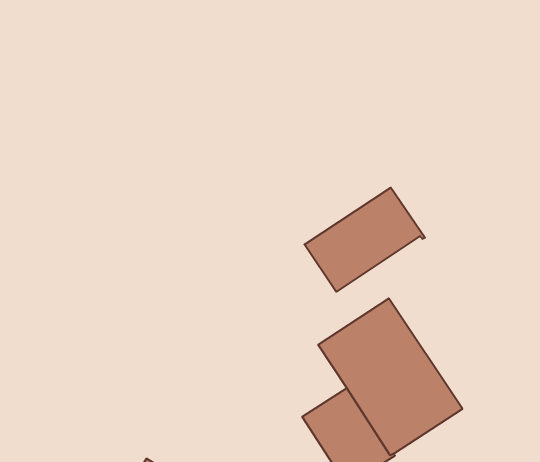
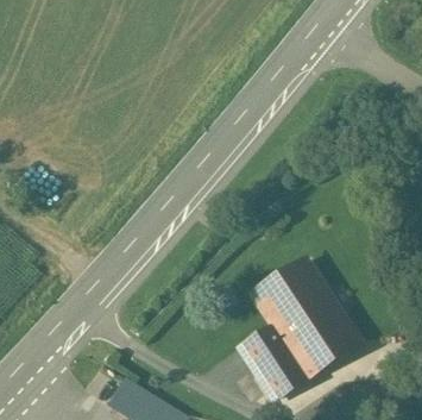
building: [304,188,425,292] -> none

